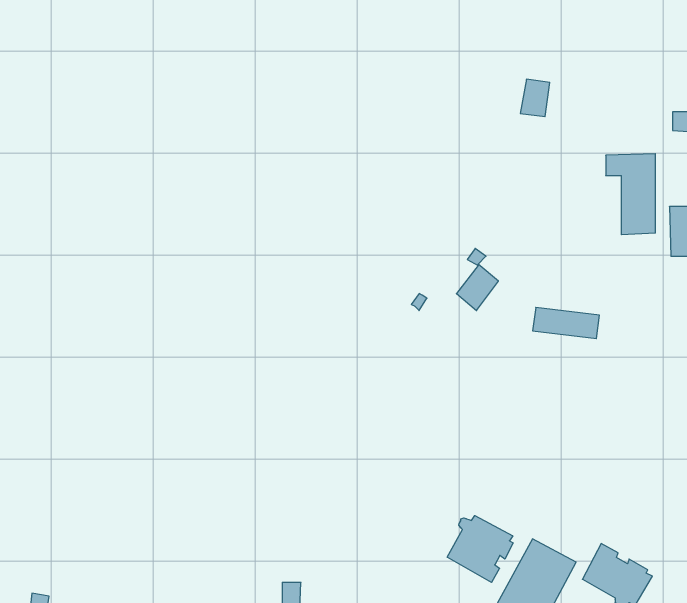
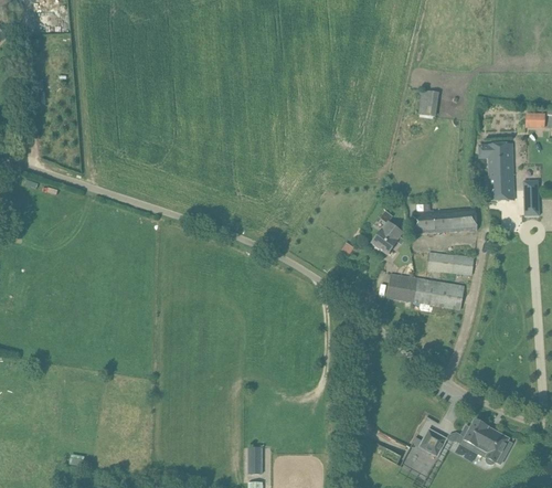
building: none -> [412,208,477,233]
building: none -> [386,274,464,309]
building: [447,516,513,582] -> none

